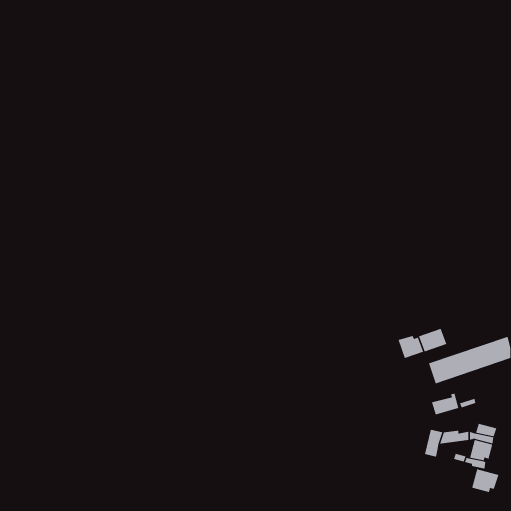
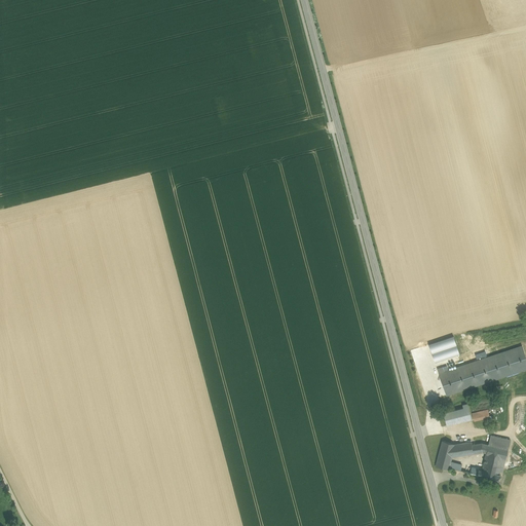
building: [398,335,424,359] -> none
building: [472,468,499,493] -> none

